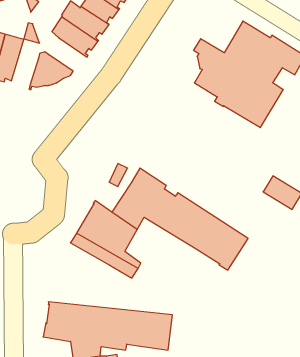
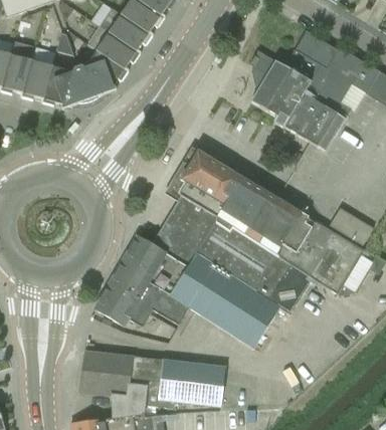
building: none -> [83,49,128,89]
building: none -> [40,65,72,105]
building: none -> [174,150,362,292]
building: none -> [171,254,279,349]
building: none -> [94,283,153,327]

